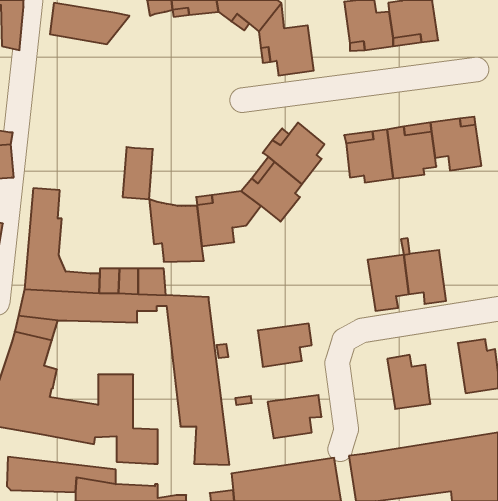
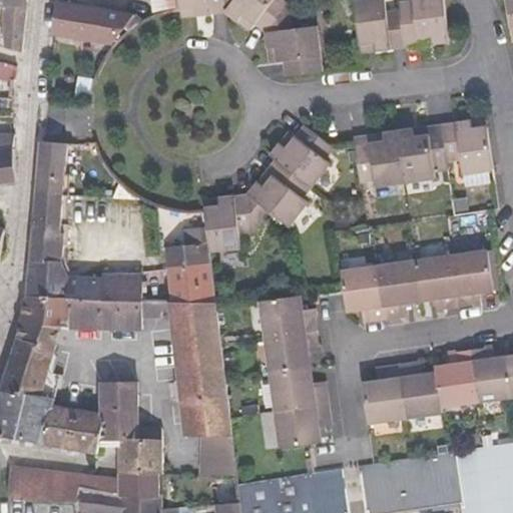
building: [123,147,153,199] -> [34,141,65,194]
building: none -> [449,250,492,308]
building: none -> [339,266,384,321]
building: none -> [167,267,213,304]
building: none -> [259,296,316,338]
building: none -> [434,351,476,407]
building: none -> [361,367,404,423]
building: none -> [269,369,326,411]
building: none -> [118,472,158,497]

